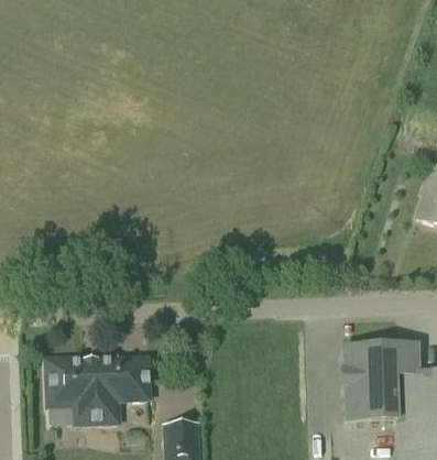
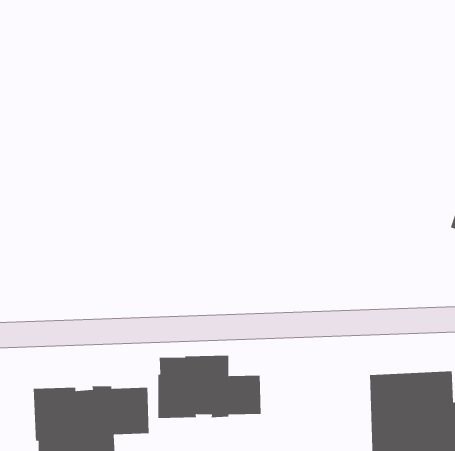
building: none -> [157,355,262,419]

